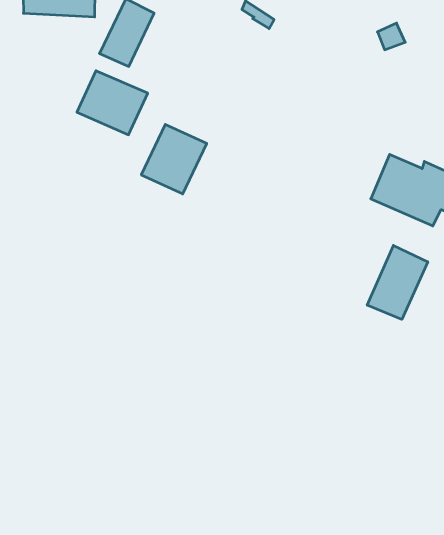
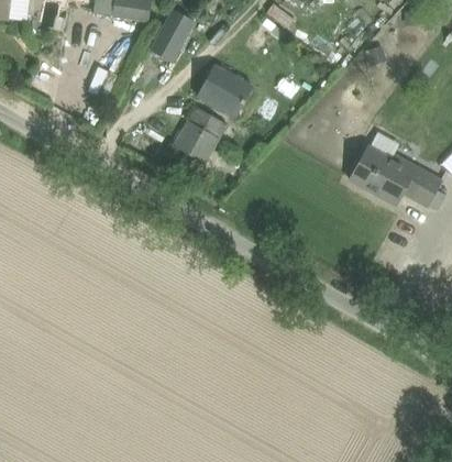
building: [77,71,148,135] -> [197,65,253,117]
building: [367,245,428,319] -> none

